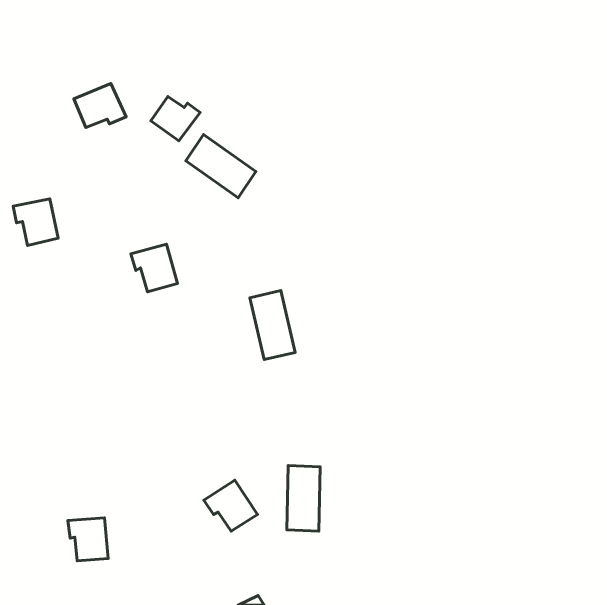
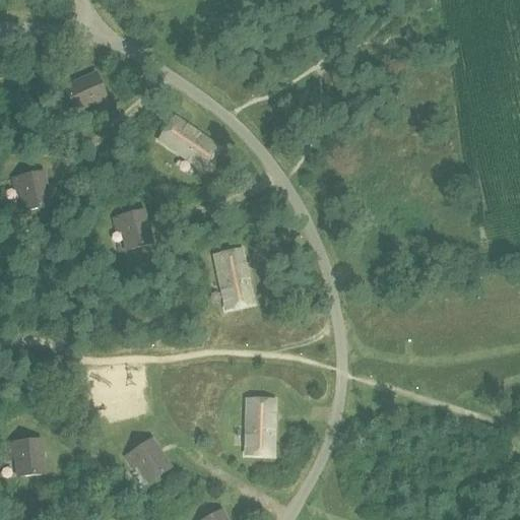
building: [151,96,200,141] -> none
building: [204,480,258,531] -> [124,437,170,480]
building: [68,518,108,561] -> [8,438,43,474]

